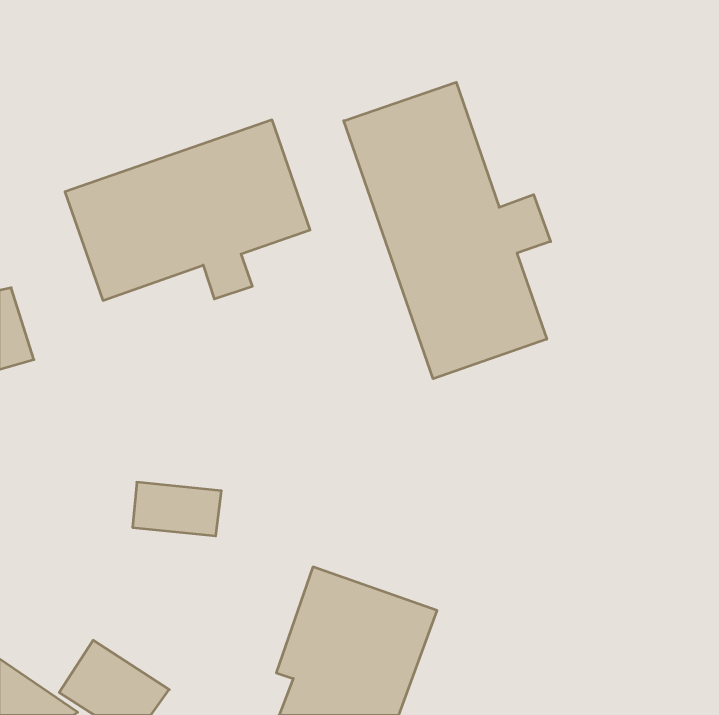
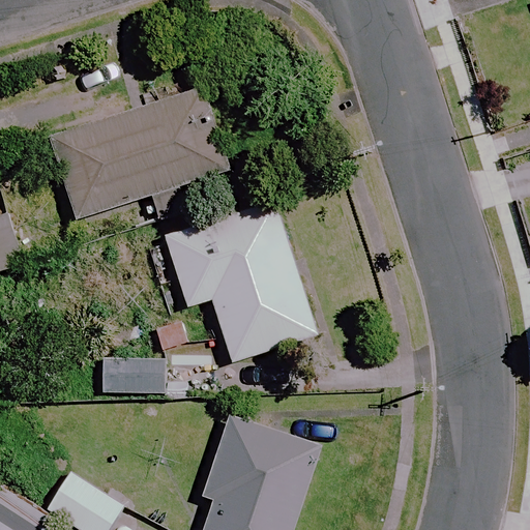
building: [344,82,551,379] -> none
building: none -> [164,202,318,361]

